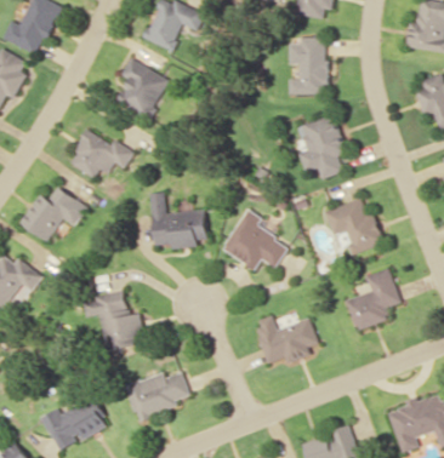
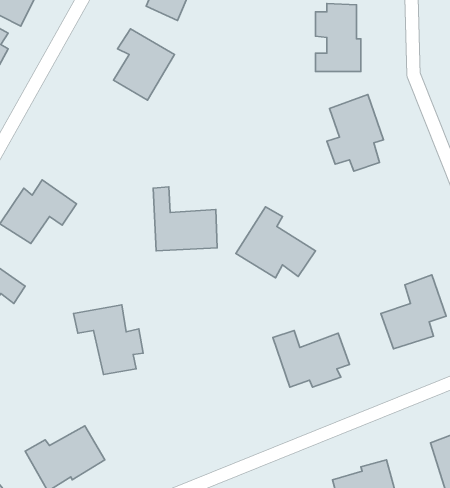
building: [66,130,131,178] -> none
building: [323,196,381,254] -> none
building: [124,372,189,419] -> none

